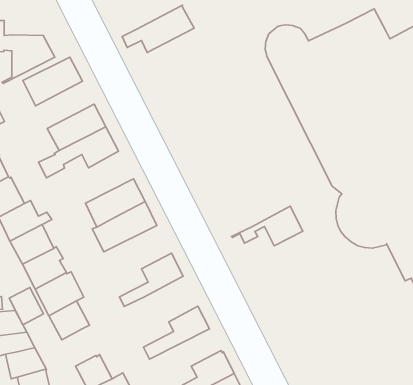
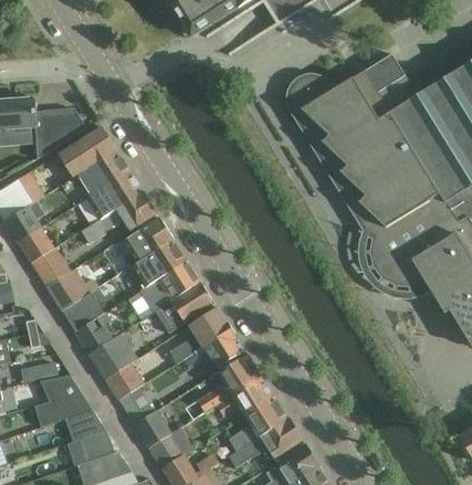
building: [122,5,194,53] -> [61,149,129,198]
building: none -> [123,218,174,266]
building: [231,206,303,246] -> [176,328,244,368]
building: none -> [151,282,214,334]
building: [9,288,43,325] -> [118,388,153,424]
building: none -> [204,377,273,415]

